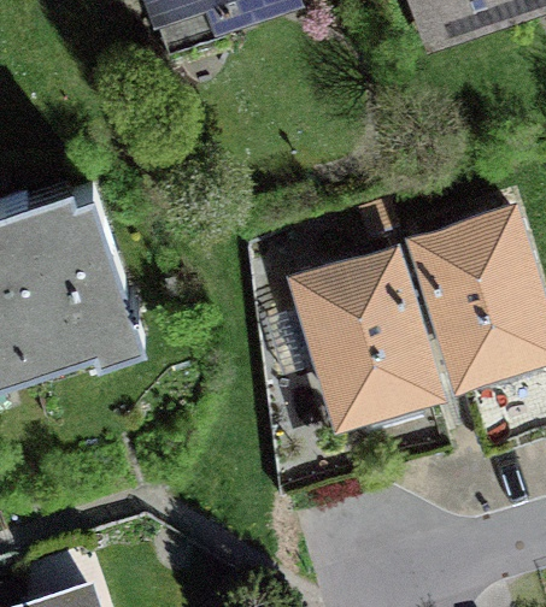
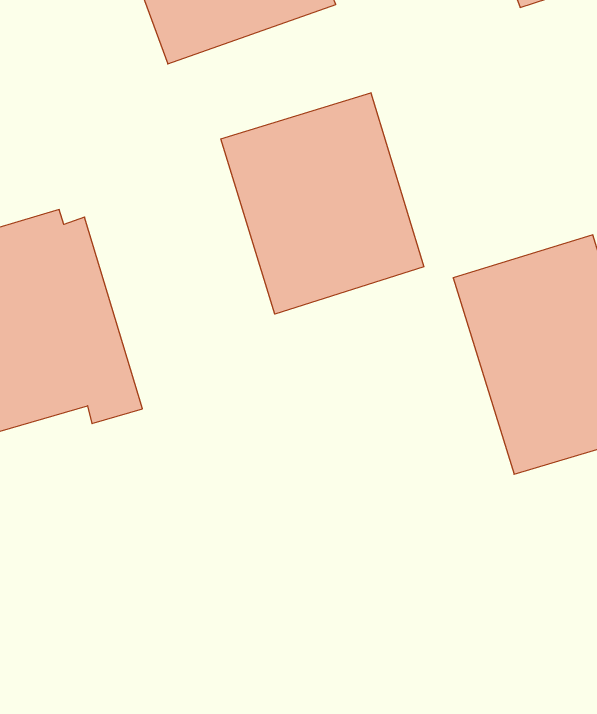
building: none -> [221,93,424,314]
building: [284,248,444,438] -> none

